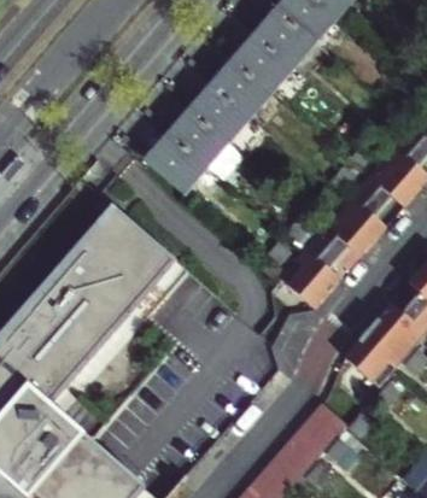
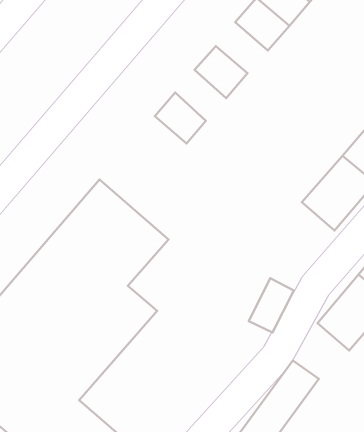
building: [236,34,292,88] -> none
building: [193,84,247,139] -> none
building: [147,134,205,191] -> none
building: [283,225,363,307] -> none

